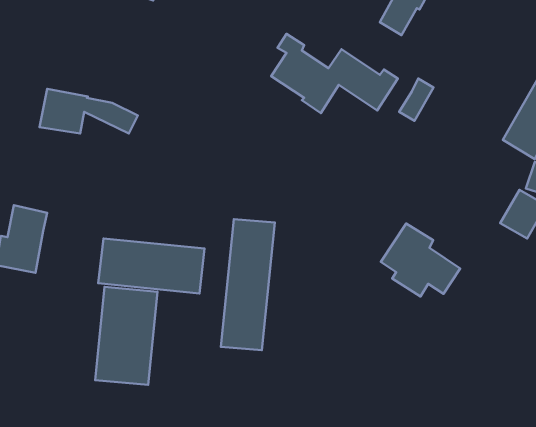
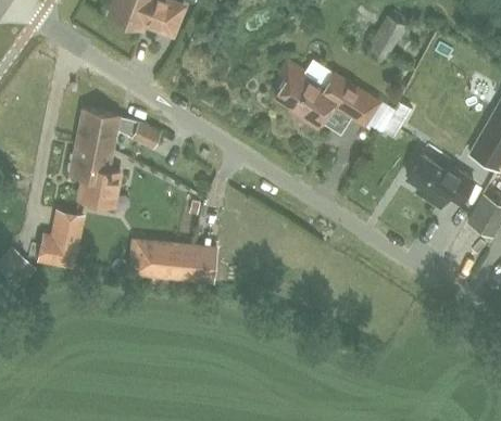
building: none -> [72,142,121,205]
building: [221,219,275,350] -> none
building: [381,224,460,296] -> [406,144,474,206]
building: [95,287,158,385] -> none

